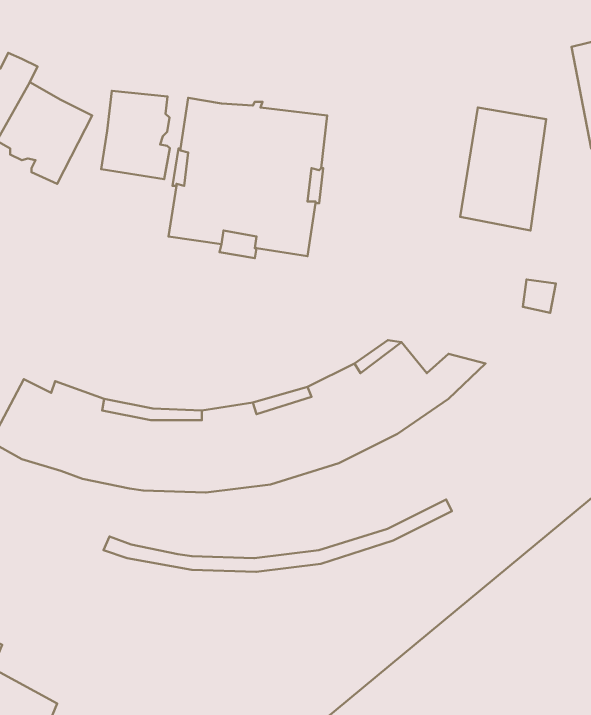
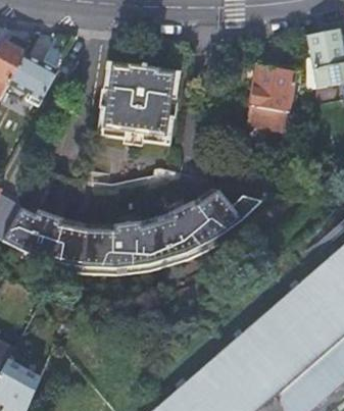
building: [101,91,170,179] -> none
building: [104,499,452,572] -> [38,236,219,273]

